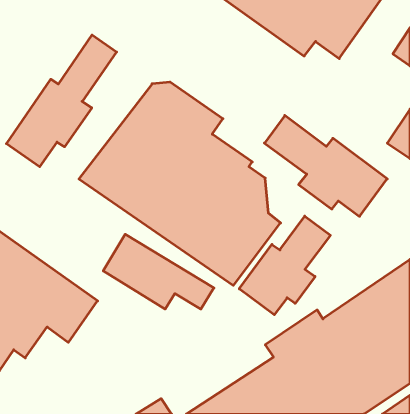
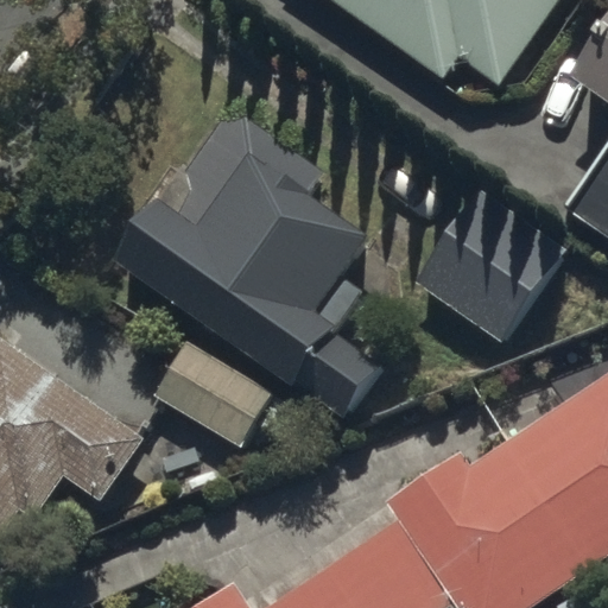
building: [6,35,117,167] -> none
building: [239,216,330,315] -> none

